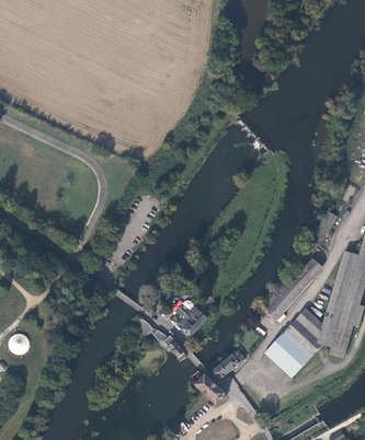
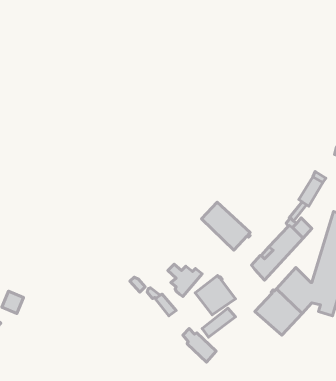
building: none -> [202,202,250,250]
building: none -> [195,275,235,315]

